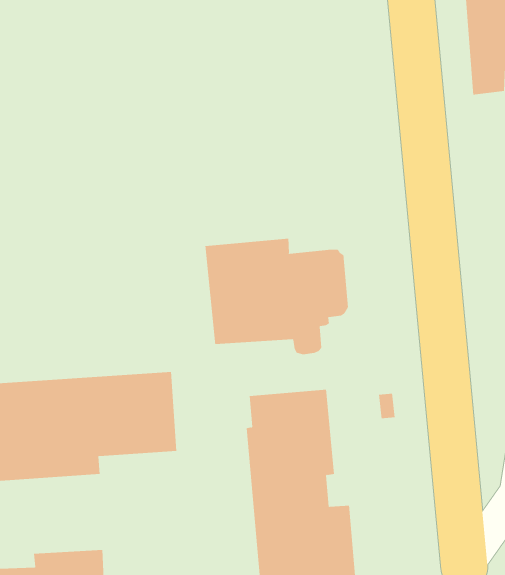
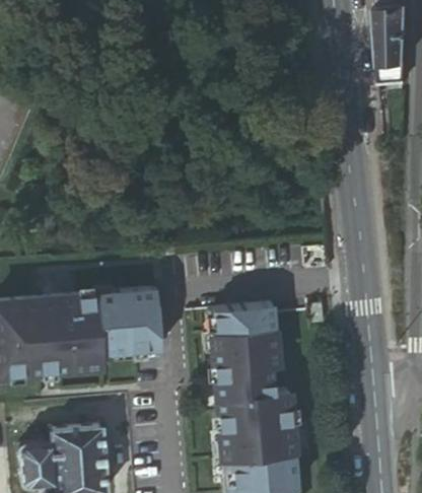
building: [205,238,348,355] -> none

